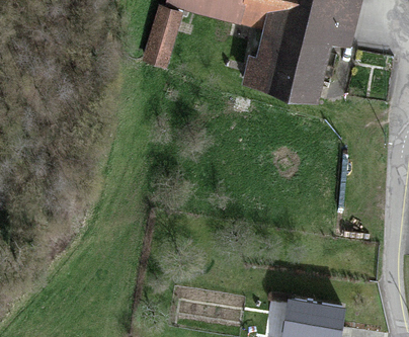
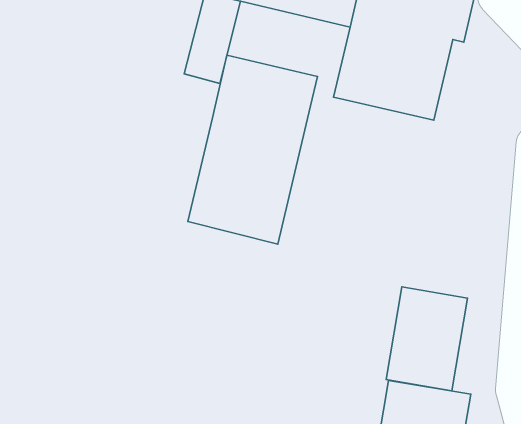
building: none -> [188,55,318,244]
building: none -> [386,287,467,391]

